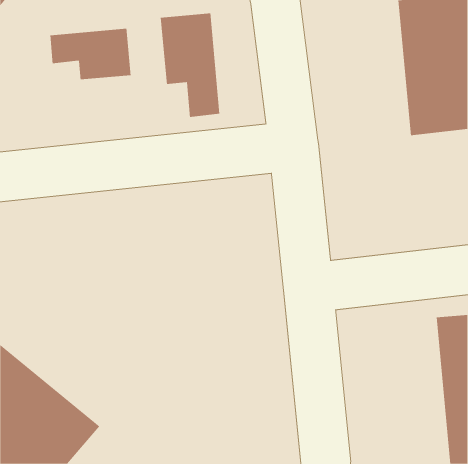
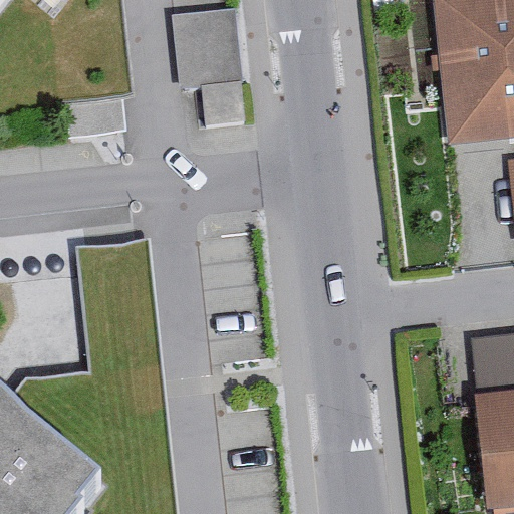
building: [50,28,131,80] -> none

